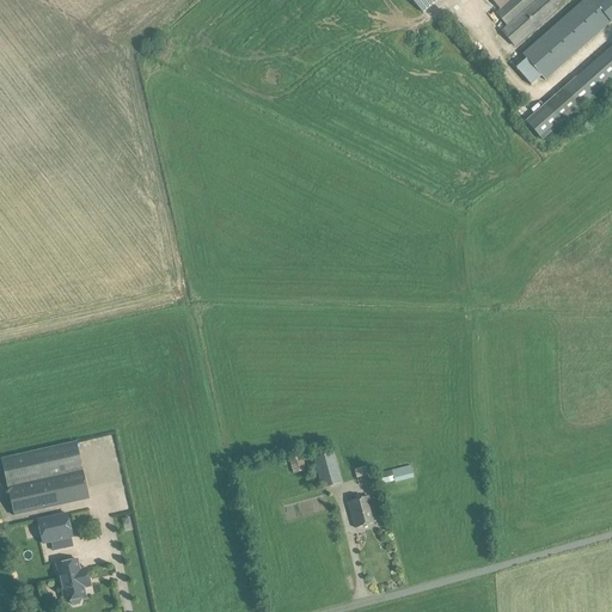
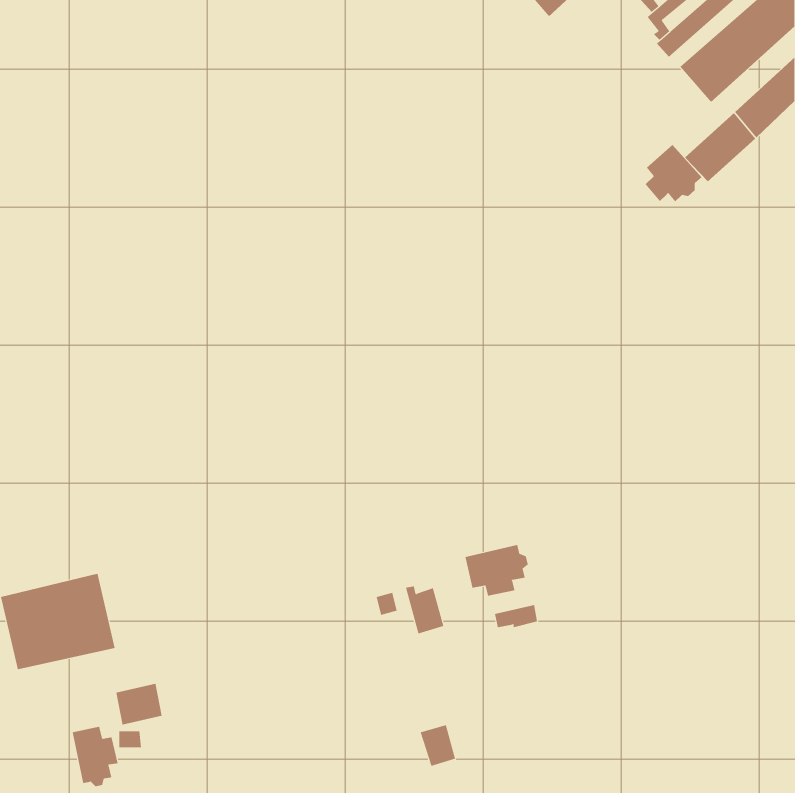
building: none -> [645,144,702,202]
building: none -> [465,544,528,597]
building: [347,494,374,526] -> [420,724,456,767]
building: [36,510,72,543] -> [116,683,162,725]

